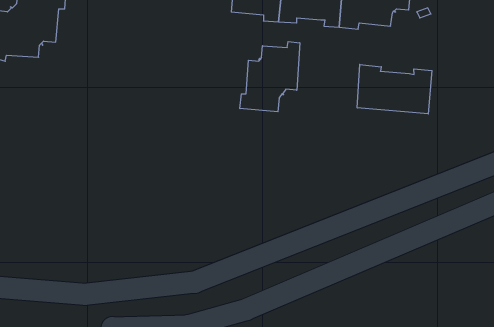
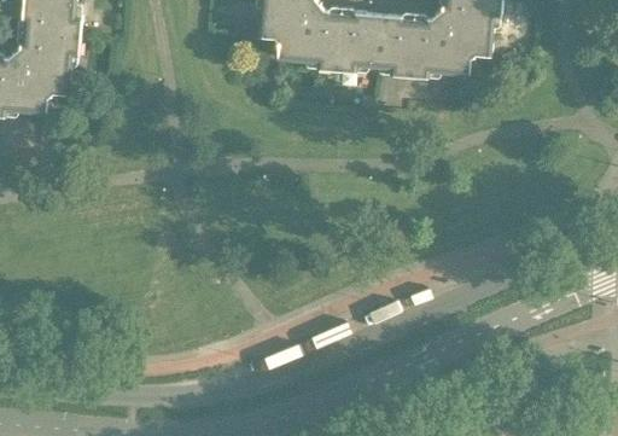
building: [240,42,300,112] -> none
building: [357,64,432,114] -> none

